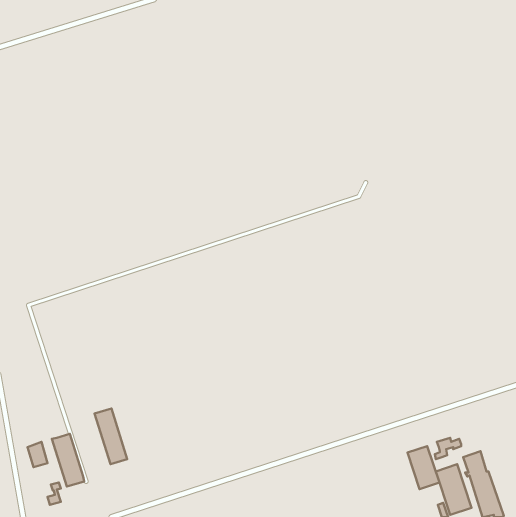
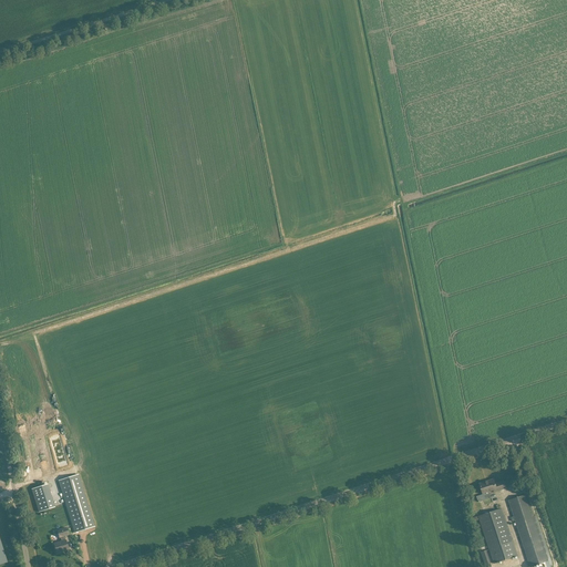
building: [95,408,127,464] -> none
building: [408,446,439,489] -> none

